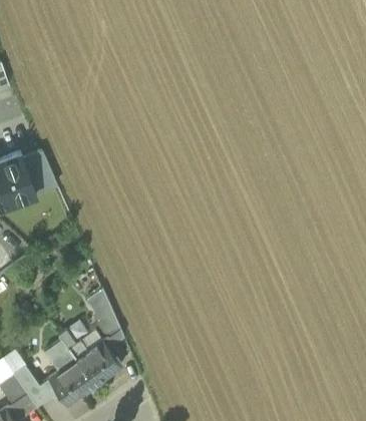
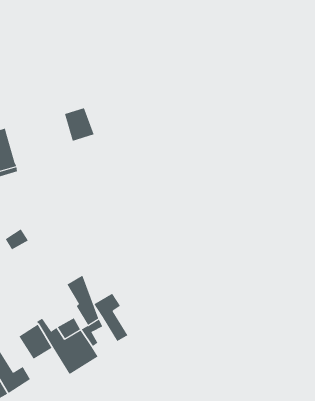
building: [22,151,52,184] -> [64,108,95,142]
building: none -> [94,293,128,342]
building: [49,360,93,404] -> none

